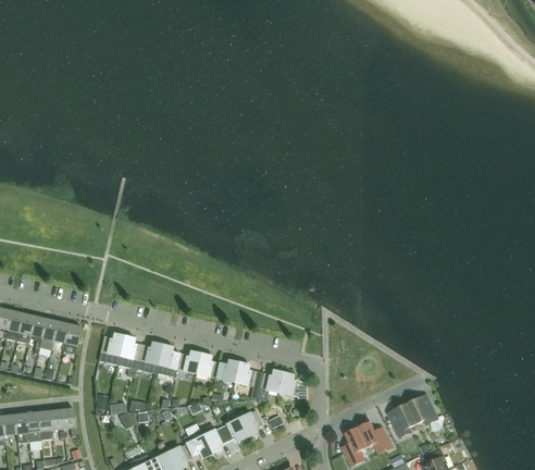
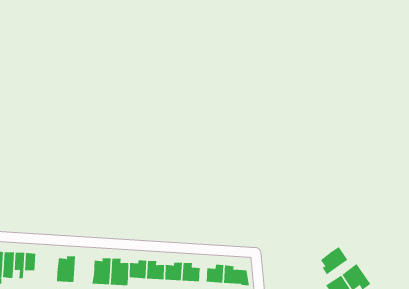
building: [116,336,141,369] -> none
building: none -> [320,246,348,275]

